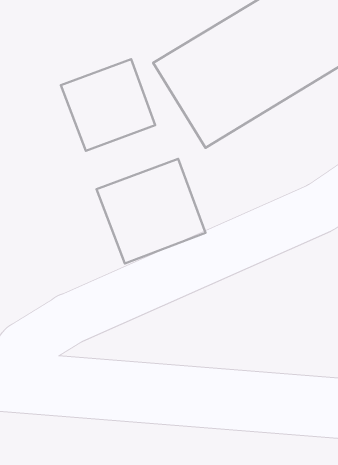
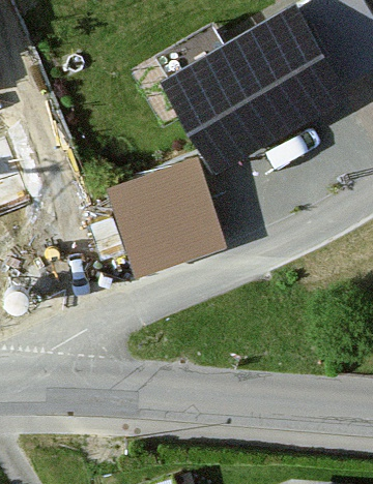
building: [61,59,155,151] -> none

